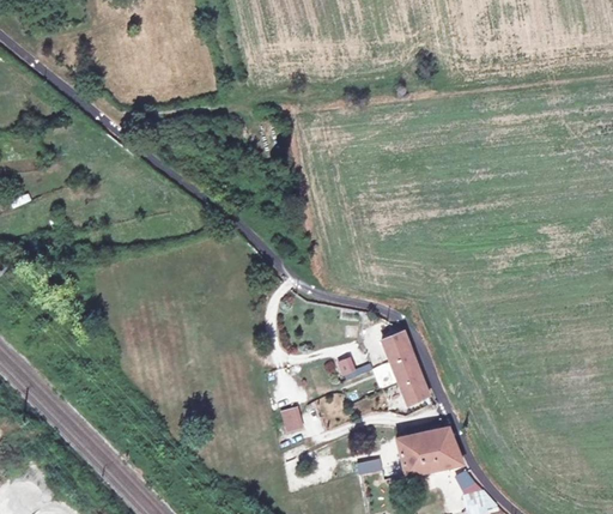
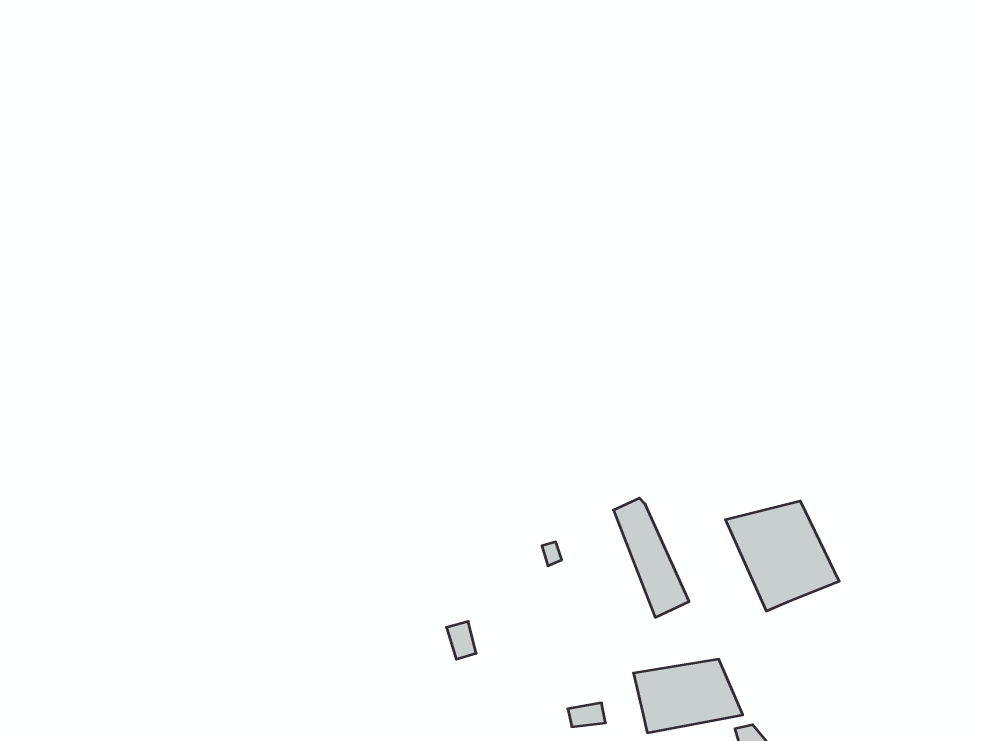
building: none -> [725,501,839,611]

